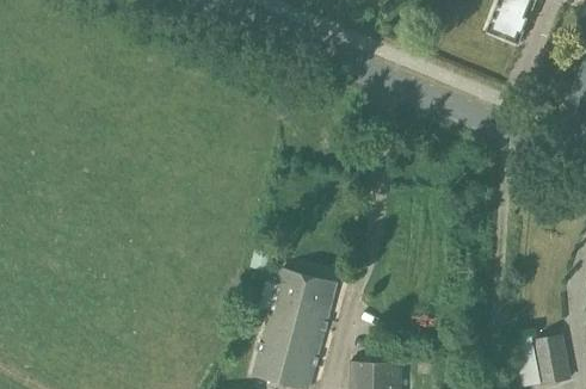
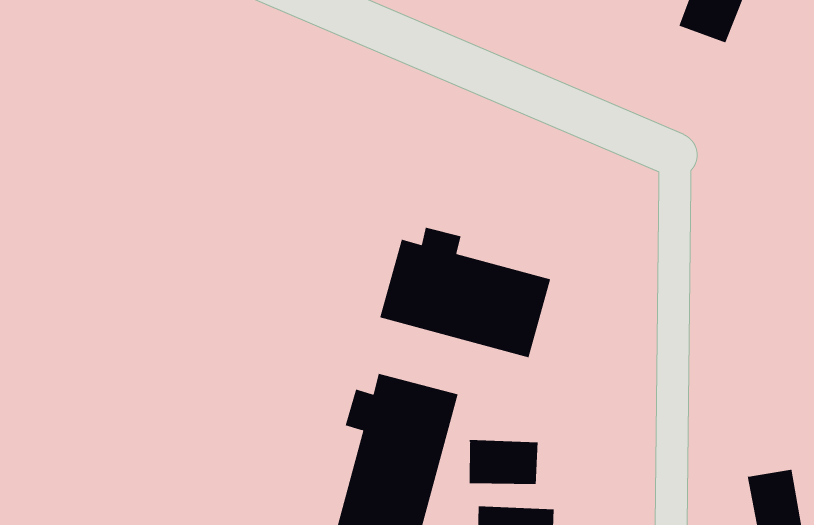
building: none -> [379,227,551,358]
building: none -> [469,439,538,485]

